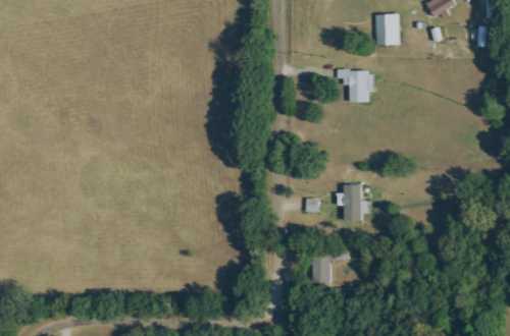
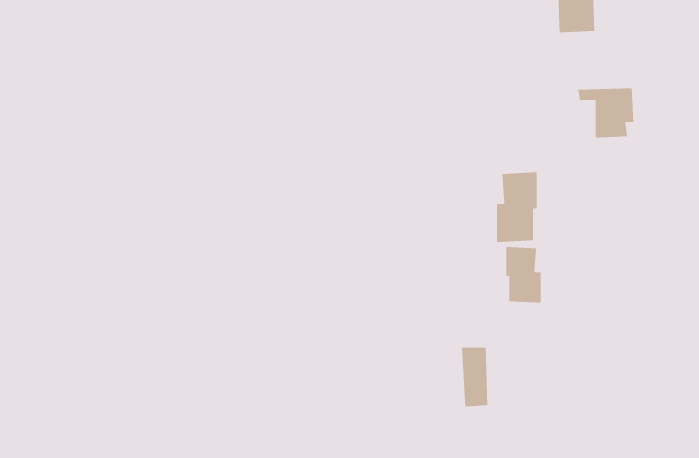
building: [336,70,372,103] -> [578,88,634,138]
building: none -> [497,172,537,243]

